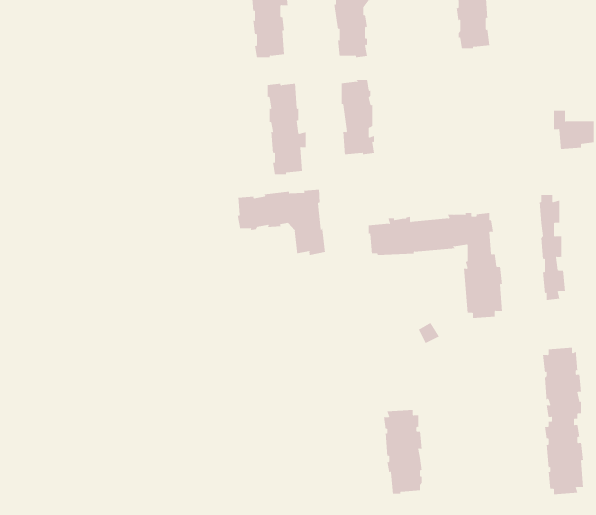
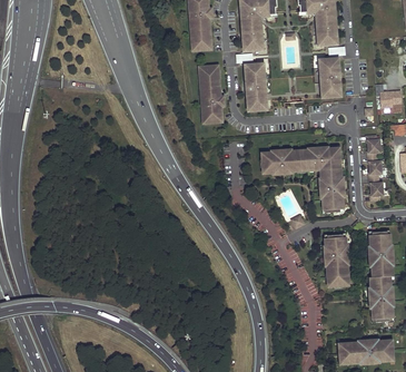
building: none -> [319,58,340,97]
building: [237,189,325,256] -> none
building: [383,410,423,494] -> [325,233,349,285]

